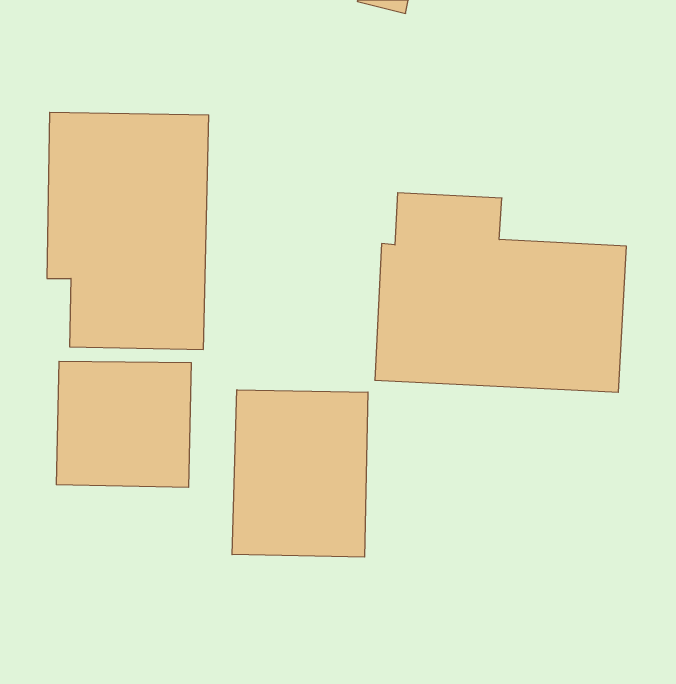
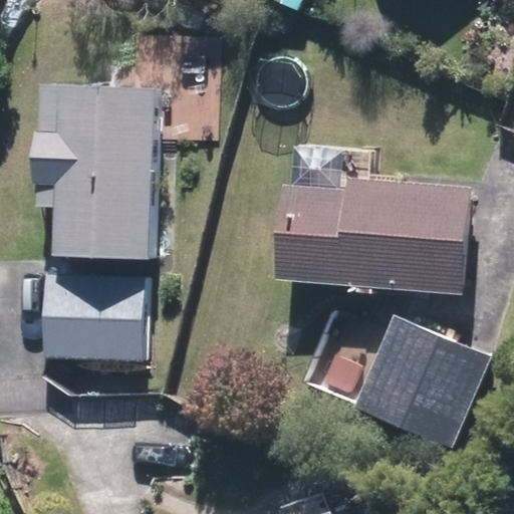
building: [232,390,368,557] -> none
building: none -> [354,312,492,448]

